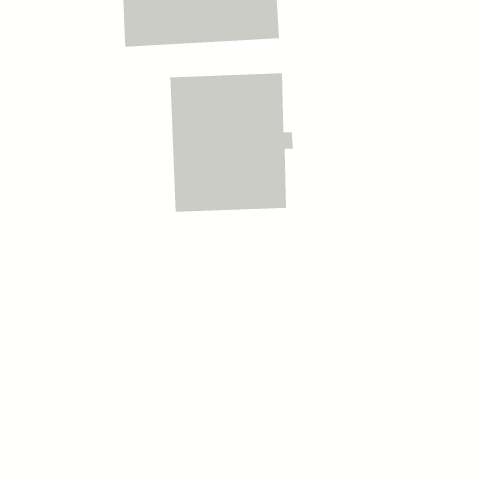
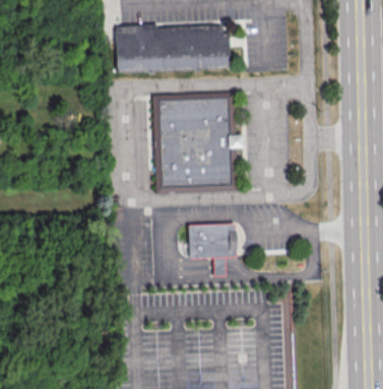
building: none -> [186,222,235,274]

